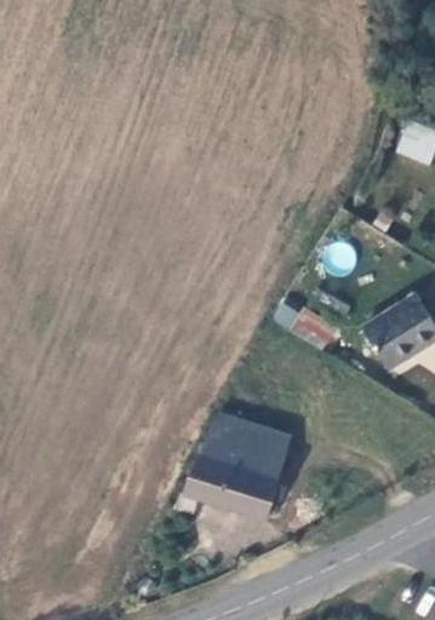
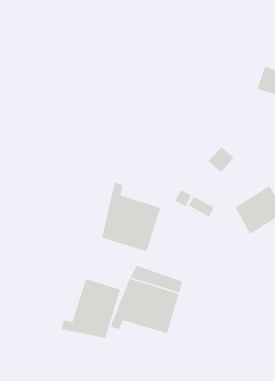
building: none -> [101,182,161,252]
building: none -> [60,278,121,339]

